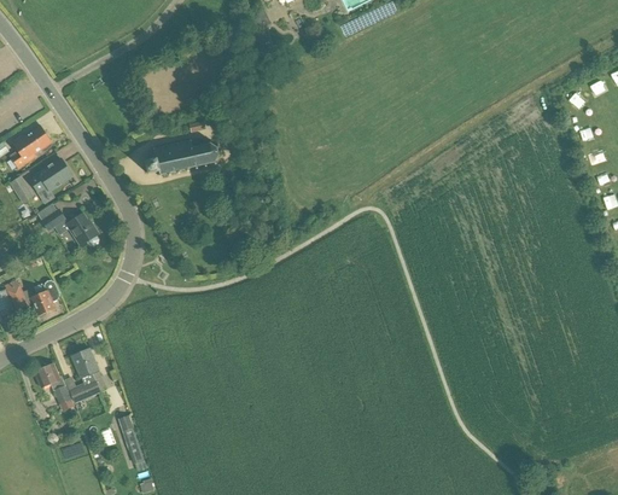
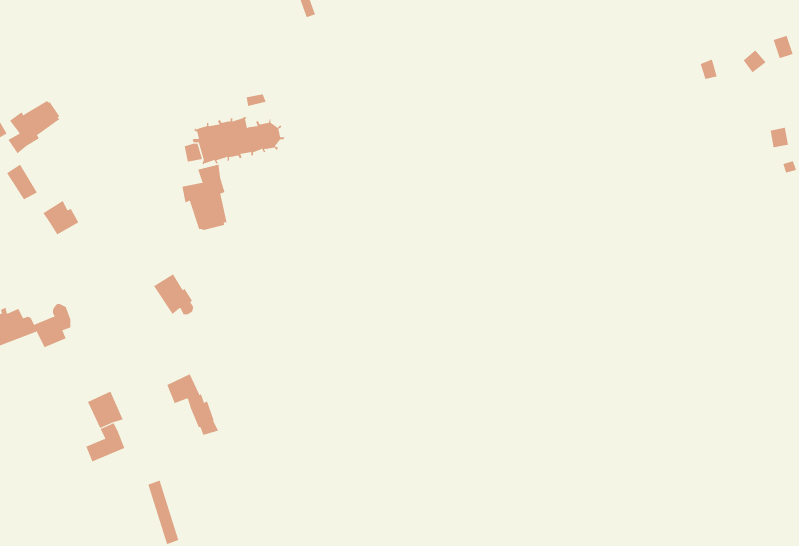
building: [31,158,72,191] -> none
building: none -> [182,164,227,231]
building: [66,214,98,245] -> [153,274,194,315]
building: [35,363,75,410] -> [166,374,219,436]

